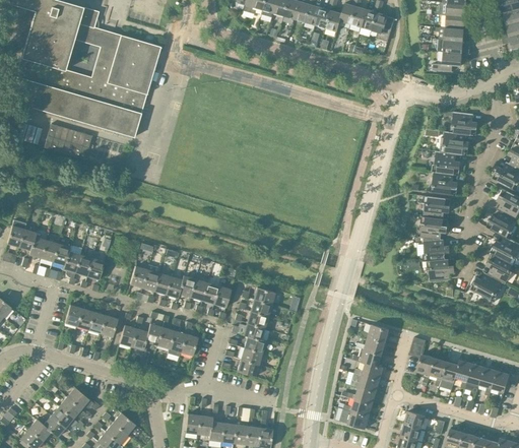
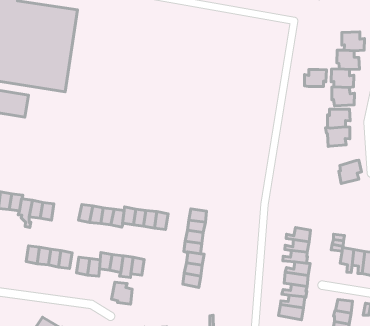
building: none -> [304,69,326,86]
building: [423,238,450,261] -> none
building: none -> [112,282,132,304]

